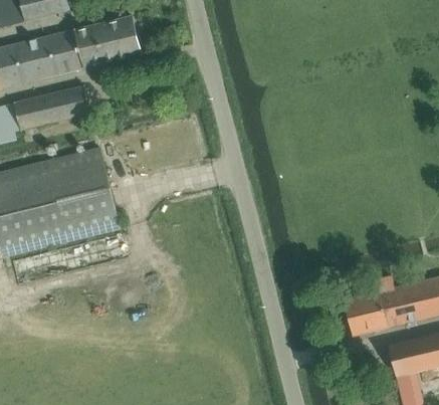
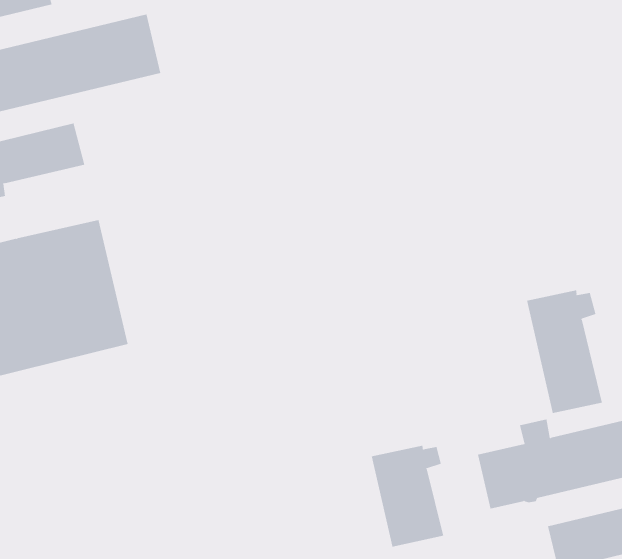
building: none -> [527,289,602,414]
building: none -> [371,445,444,547]

